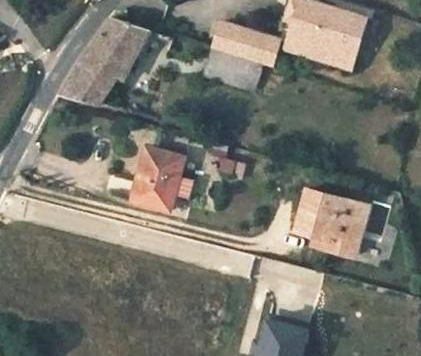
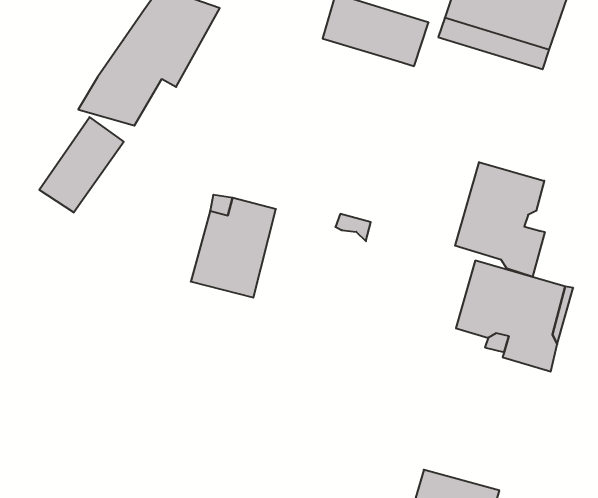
building: [204,50,260,93] -> none
building: none -> [39,117,124,213]
building: none -> [455,162,545,277]

